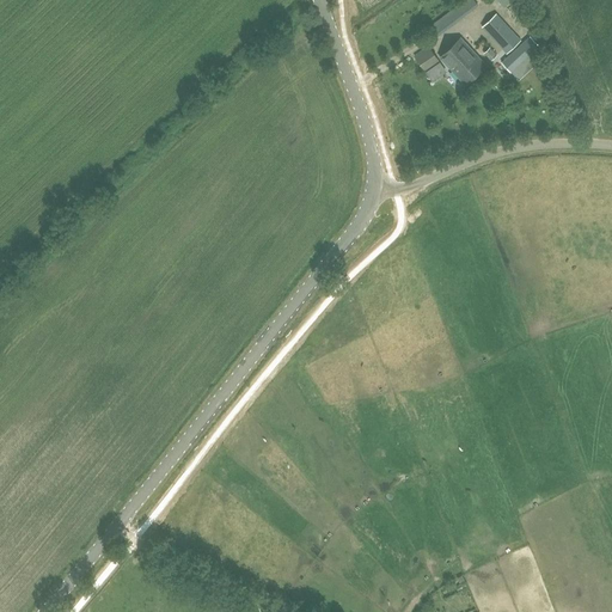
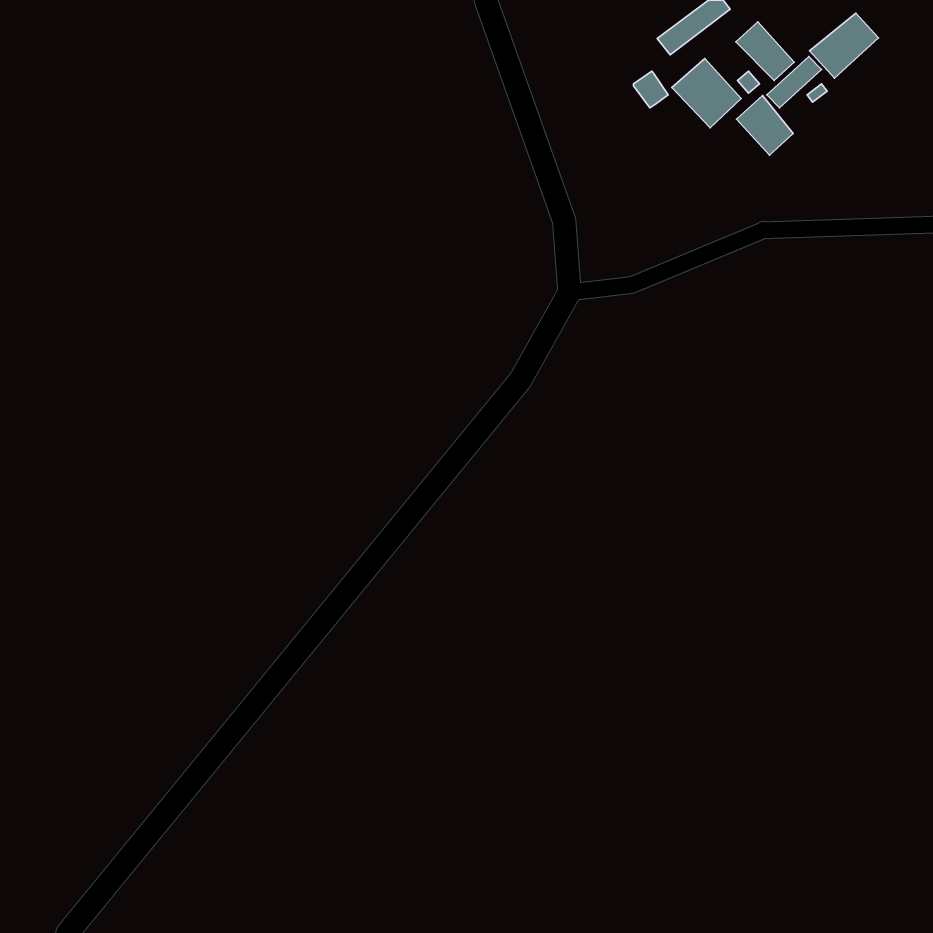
building: none -> [810,13,878,78]
building: none -> [736,96,793,155]

